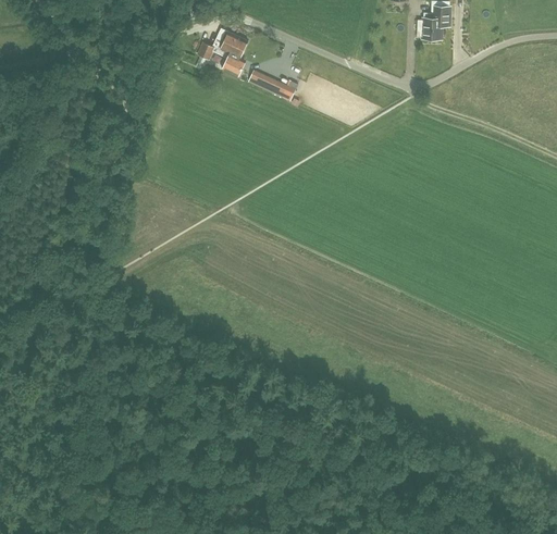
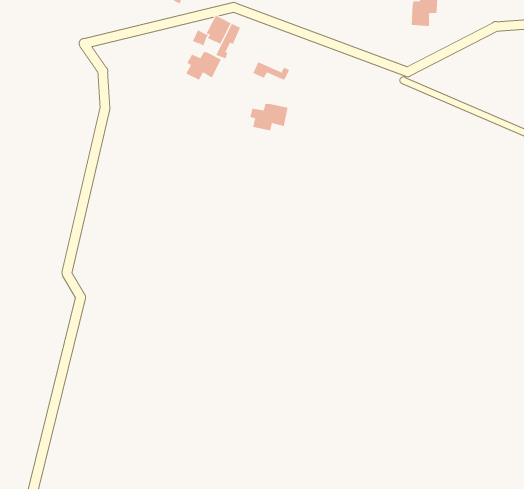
building: none -> [185,51,221,81]
building: none -> [250,103,288,131]

